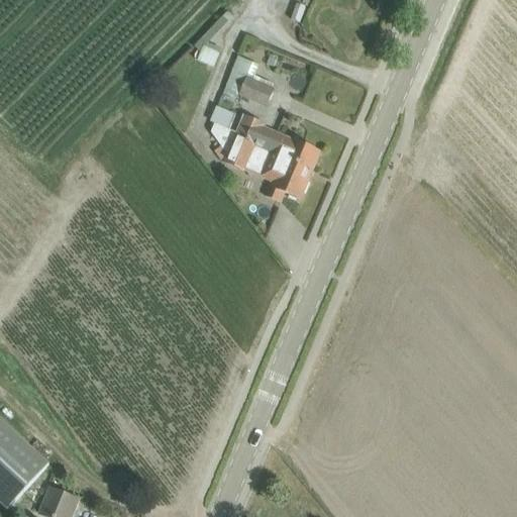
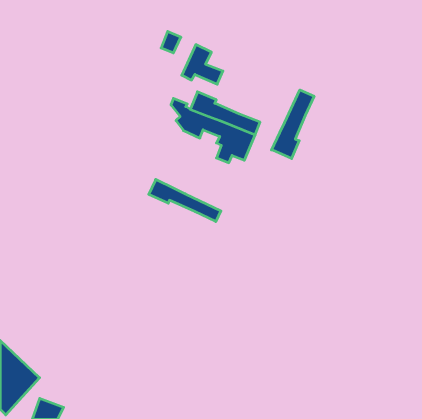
building: none -> [271,90,314,159]
building: none -> [149,179,221,222]

